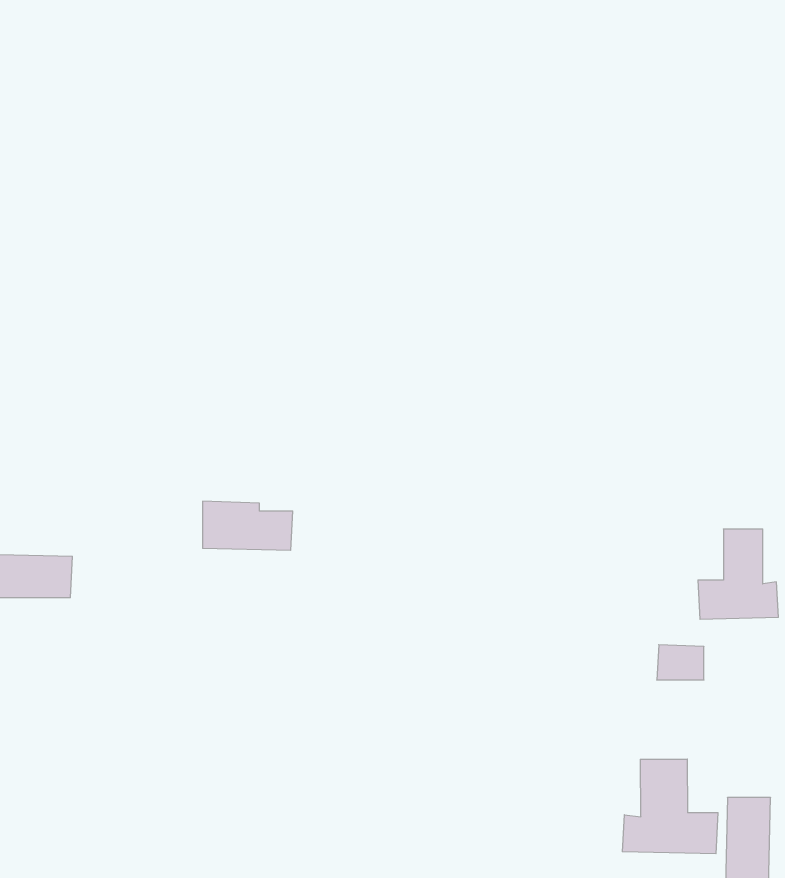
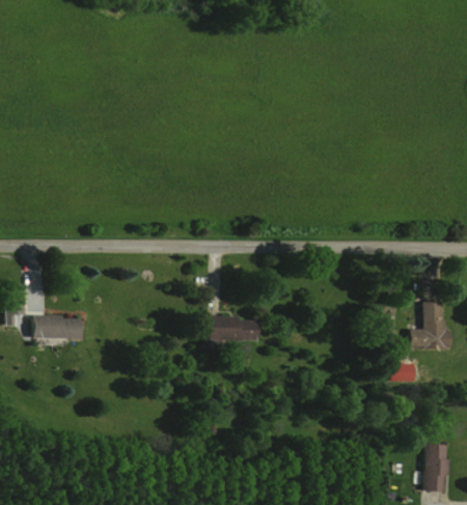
building: [203,501,293,550] -> [208,314,255,340]
building: [622,759,718,854] -> none

